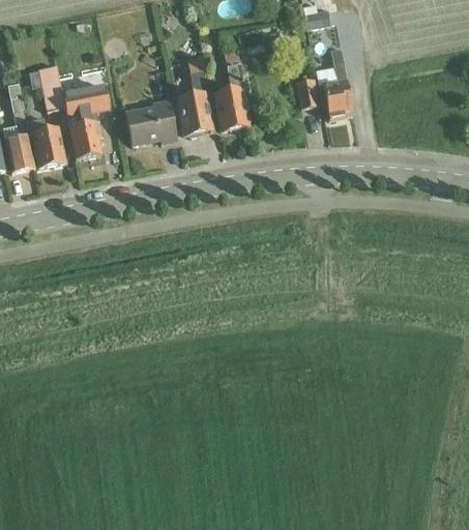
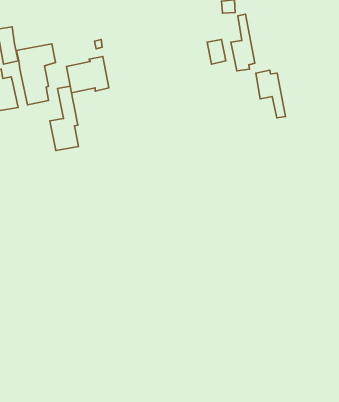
building: [215,49,248,130] -> none
building: [177,55,212,134] -> [50,86,79,151]
building: none -> [256,70,285,118]

